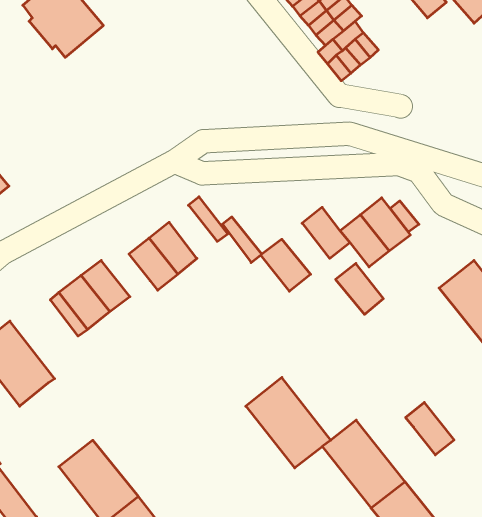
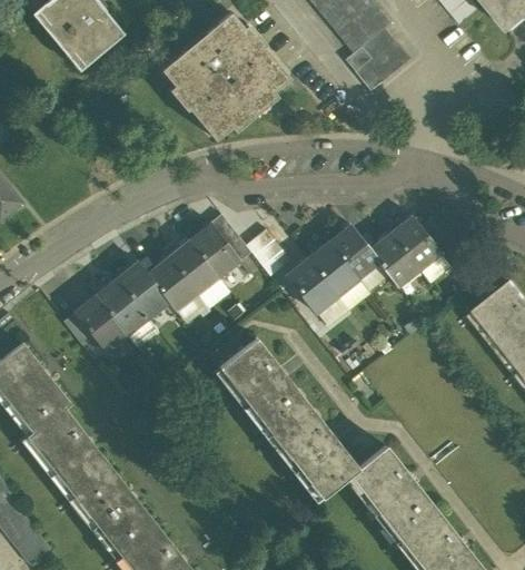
building: none -> [161,14,287,140]
building: none -> [189,223,239,278]
building: none -> [118,264,169,318]
building: [336,263,383,314] -> [307,242,357,295]
building: none -> [218,338,307,433]
building: none -> [27,409,109,497]
building: [406,402,454,455] -> none

